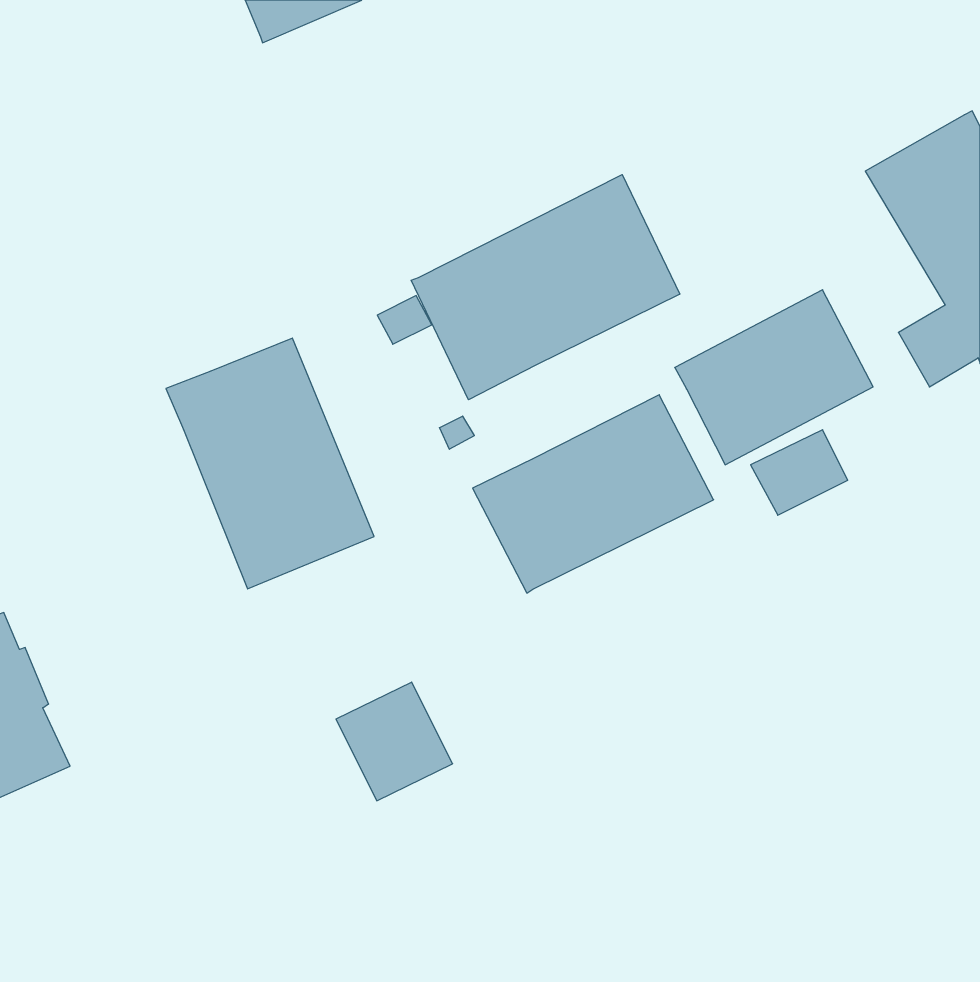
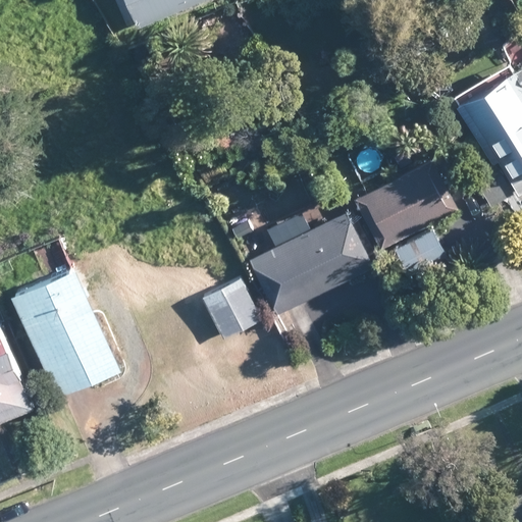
building: [411,175,680,400] -> none
building: [166,338,374,589] -> [13,265,122,397]
building: [336,682,453,801] -> [200,279,261,342]

